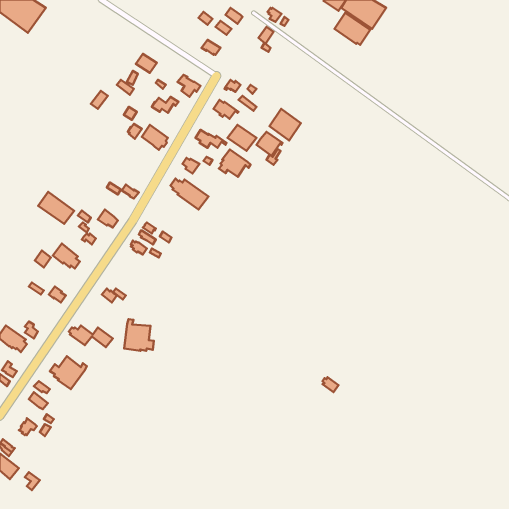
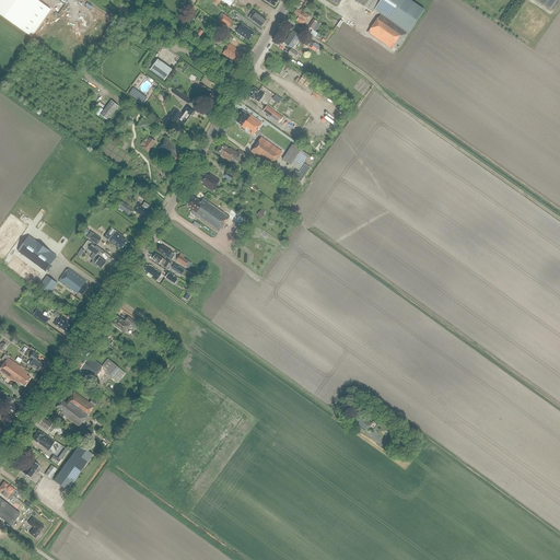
building: [270,109,301,140] -> none
building: [219,150,251,177] -> none
building: [38,192,74,224] -> [16,235,56,270]
building: [124,319,154,351] -> none
building: none -> [52,444,92,489]

